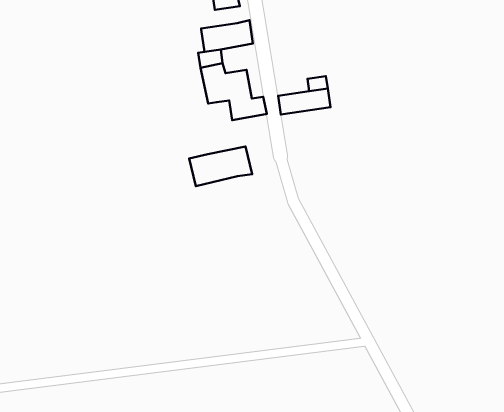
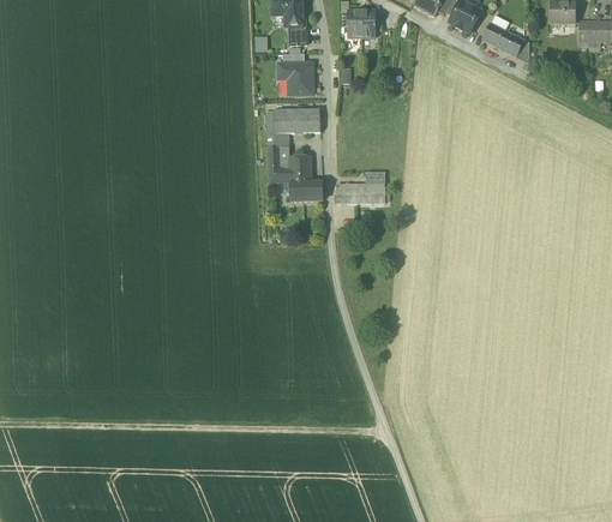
building: [189,146,252,186] -> none

